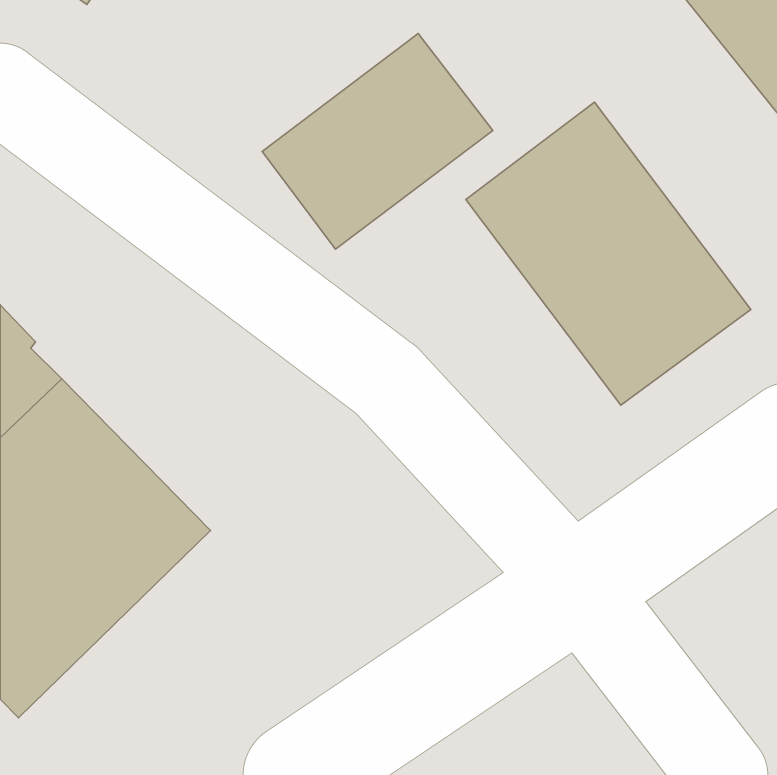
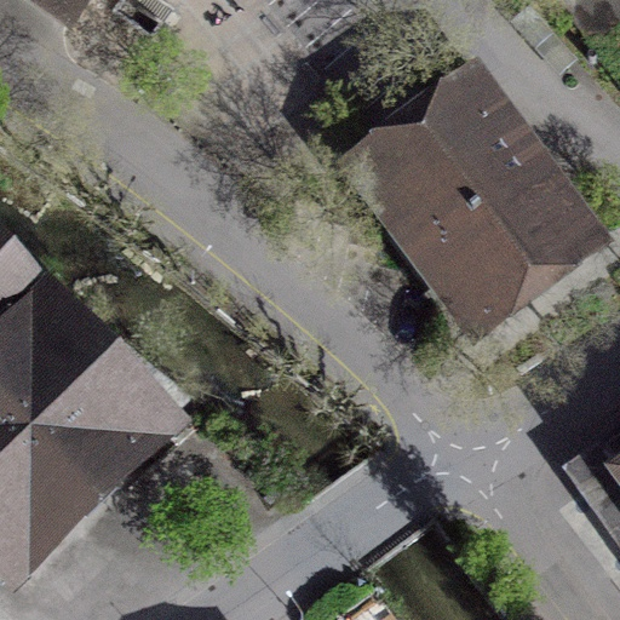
building: [262,33,493,249] -> none

